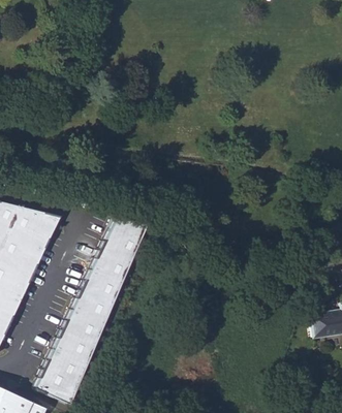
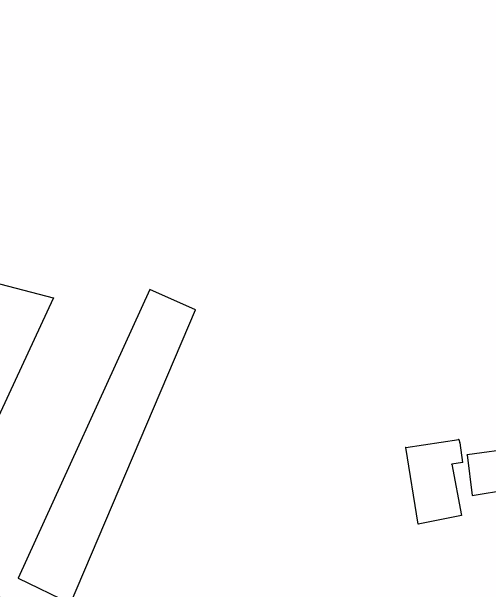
building: none -> [406,439,463,524]

